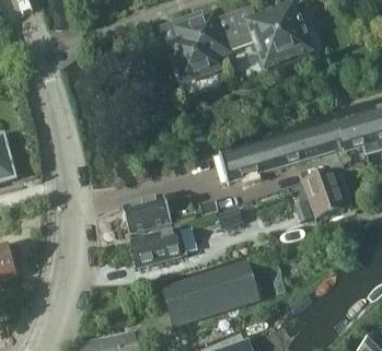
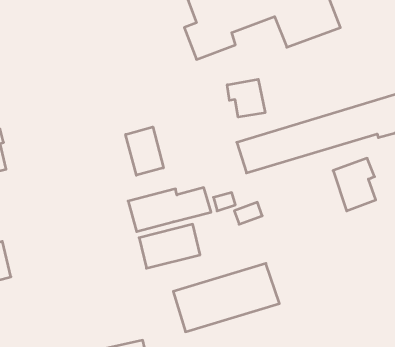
building: none -> [227,79,265,117]
building: none -> [126,127,163,175]

